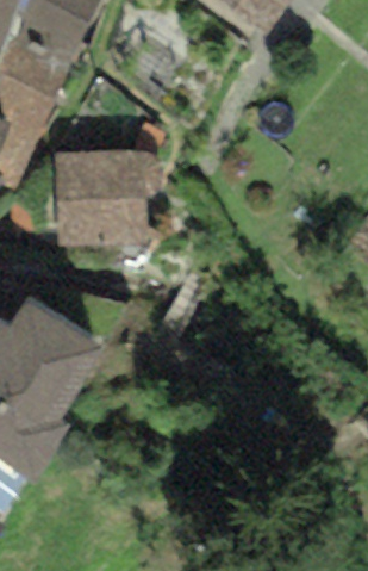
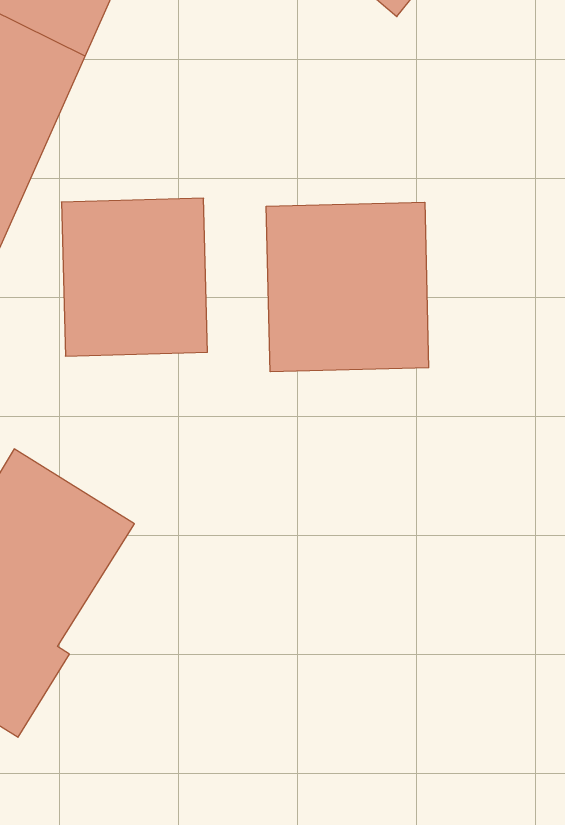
building: none -> [266,202,429,372]

